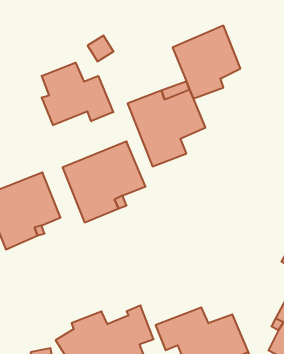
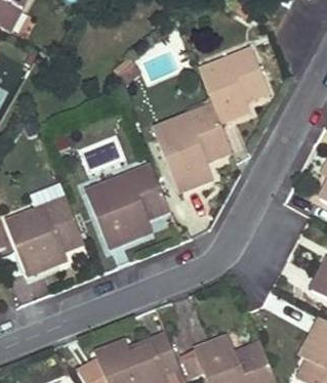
building: [42,63,113,125] -> none

